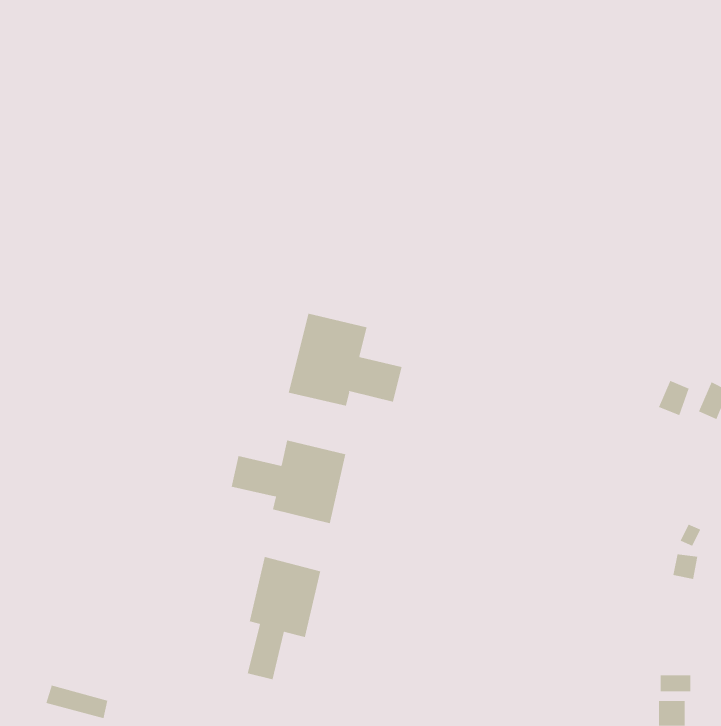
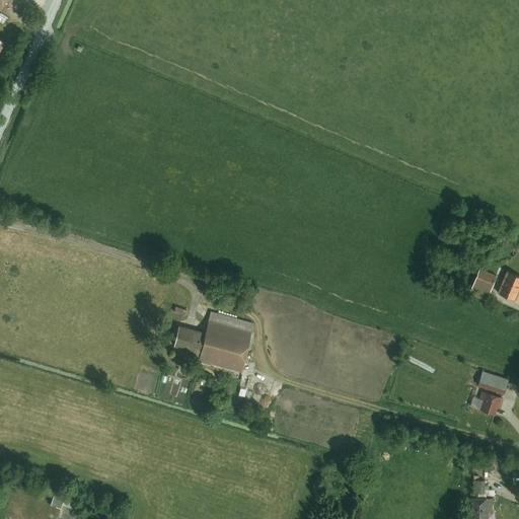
building: [288,313,402,406] -> none
building: [247,556,321,680] -> none

